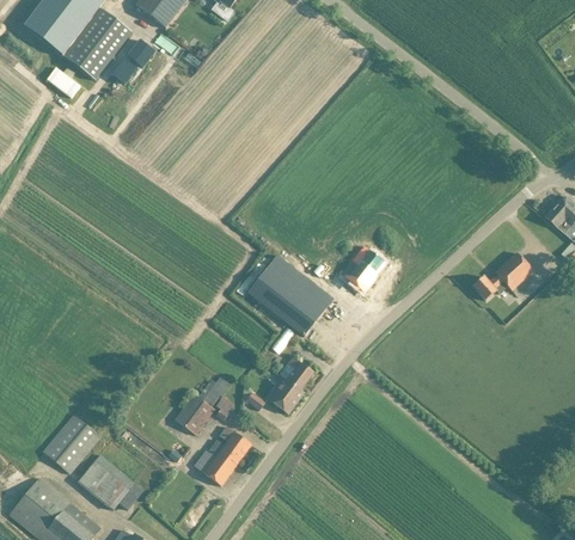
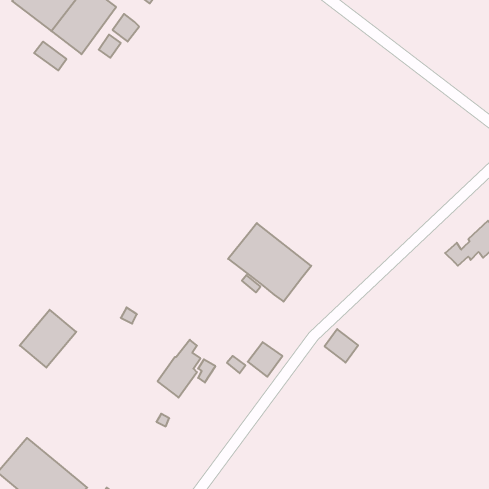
building: [343,250,385,292] -> none
building: [279,355,313,389] -> [325,329,358,363]
building: [42,413,100,473] -> [20,310,76,368]
building: [192,425,251,485] -> none
building: [78,453,143,510] -> none

